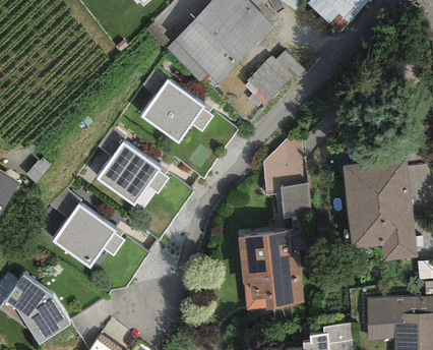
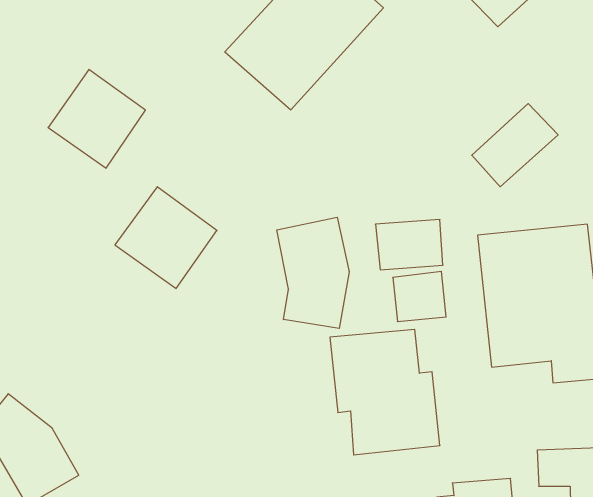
building: [247,52,303,106] -> [472,104,558,187]
building: [141,75,204,139] -> [48,69,145,168]
building: none -> [277,217,349,328]
building: [55,202,118,264] -> none

